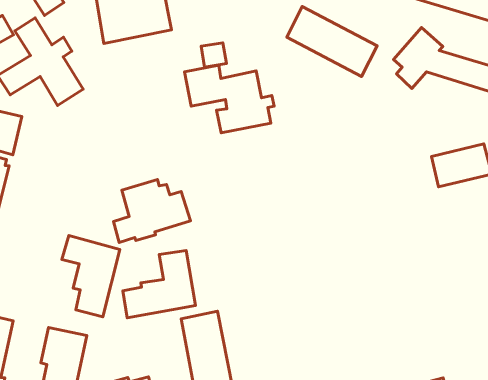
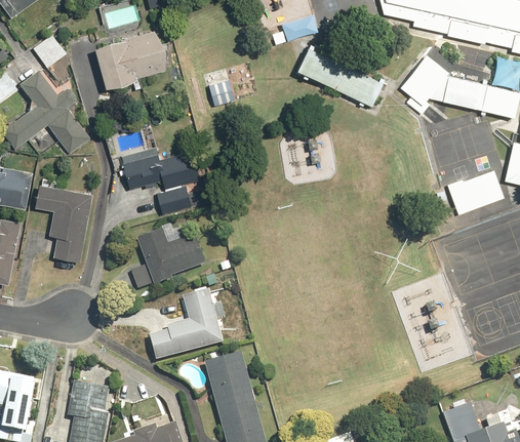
building: [185,65,274,133] -> [121,147,213,214]
building: [62,236,120,317] -> [36,183,93,262]

